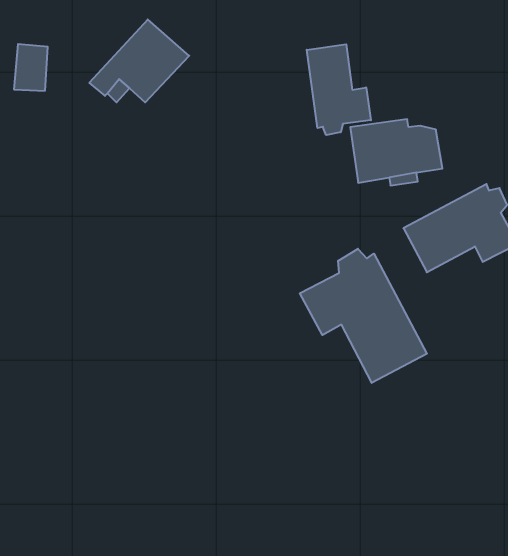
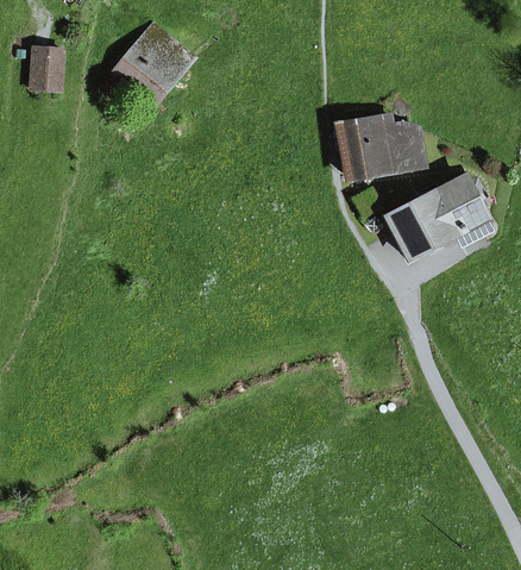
building: [307,44,371,135] -> none
building: [300,249,427,383] -> none

